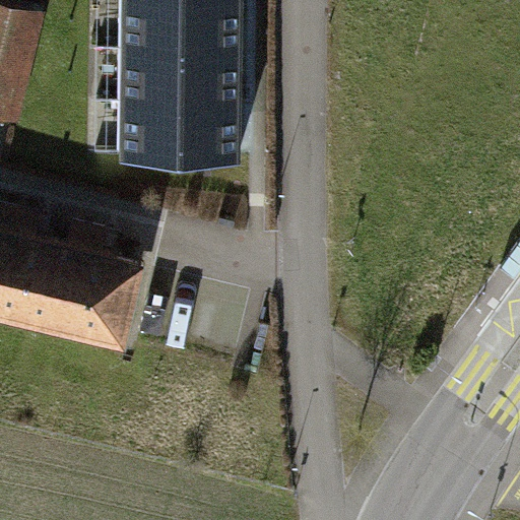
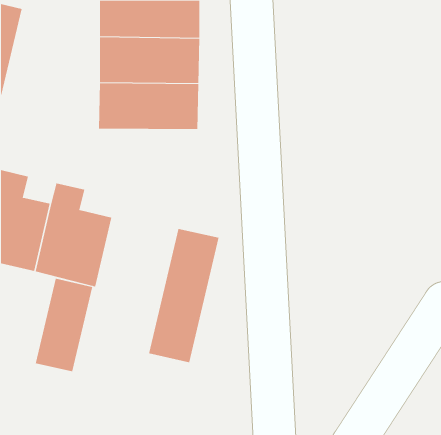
building: none -> [148,228,219,363]
building: none -> [35,278,93,372]

